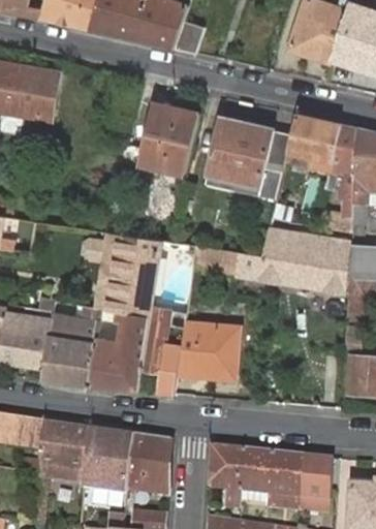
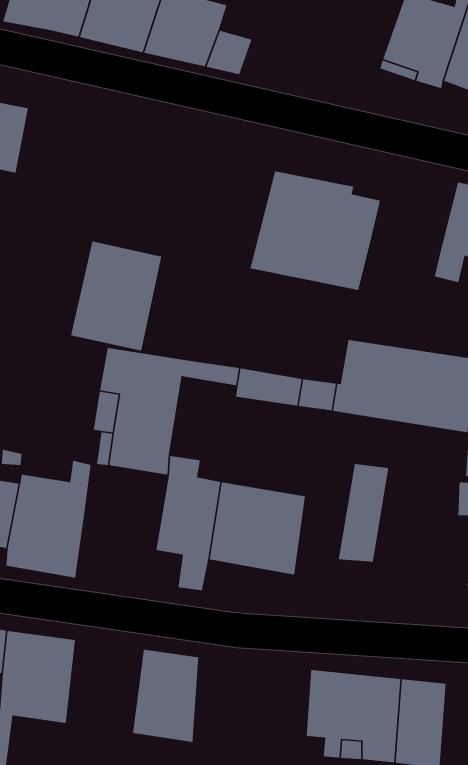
building: [136,101,197,175] -> [70,240,162,351]
building: [284,114,340,169] -> none
building: none -> [338,463,389,563]
building: [88,313,149,391] -> none
building: [81,427,132,493] -> none
building: [208,444,243,503] -> none

